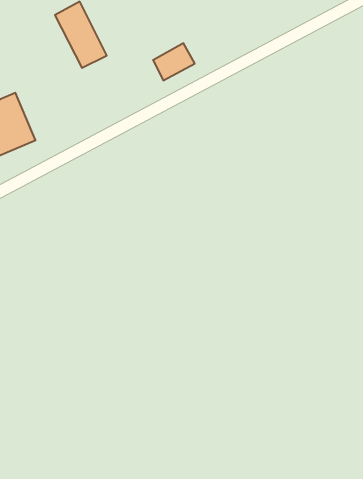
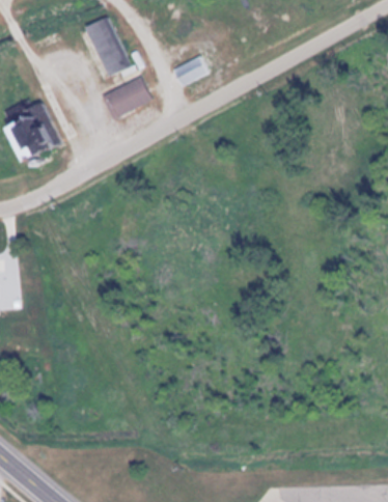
building: none -> [103,78,151,118]

